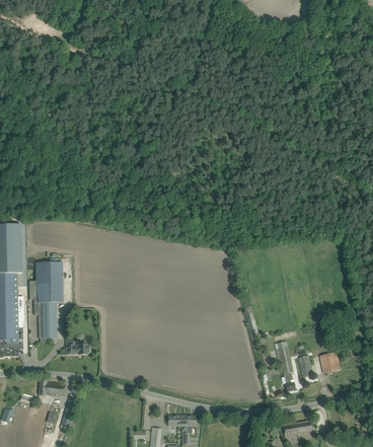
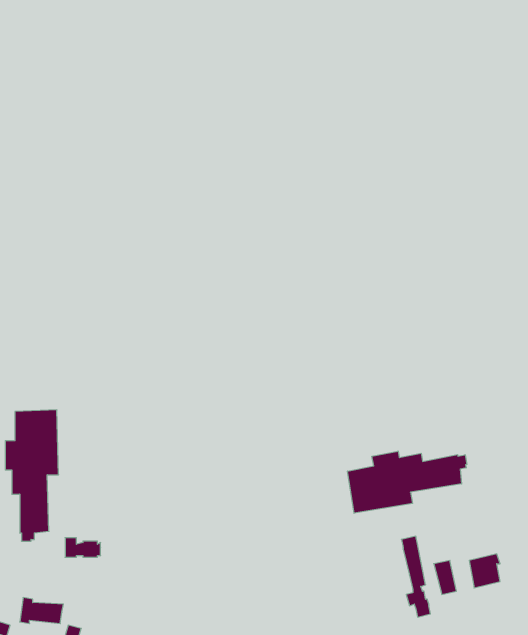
building: none -> [348,451,467,513]

